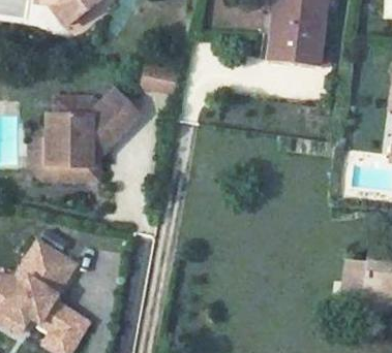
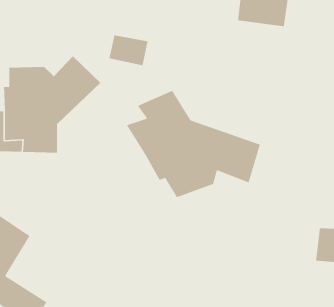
building: none -> [126,90,261,198]

